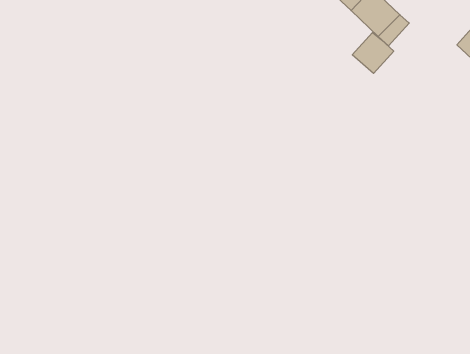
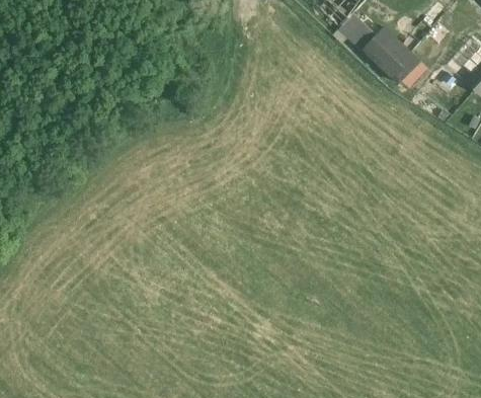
building: [352,33,394,73] -> none

